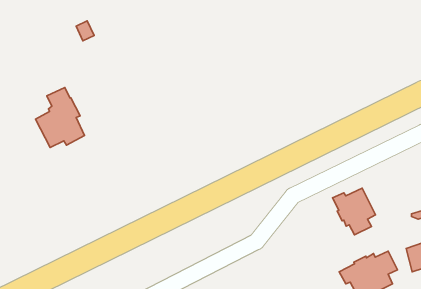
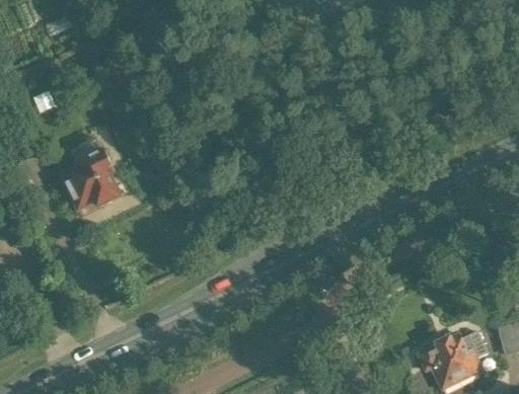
building: [333,188,376,235] -> none

